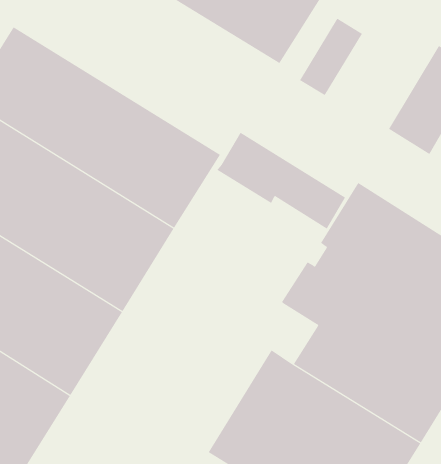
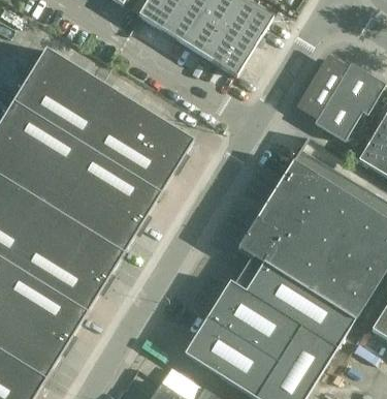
building: [299,18,363,96] -> [295,57,341,113]
building: [217,132,346,230] -> none

